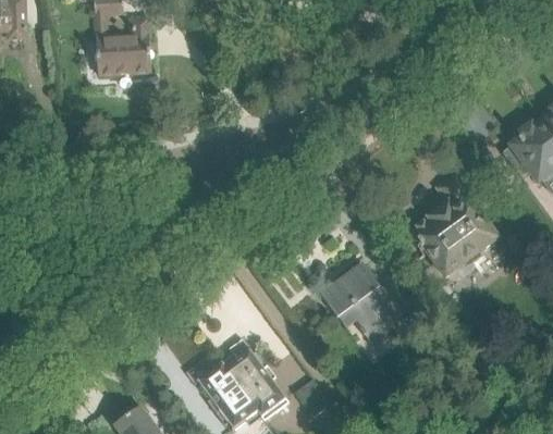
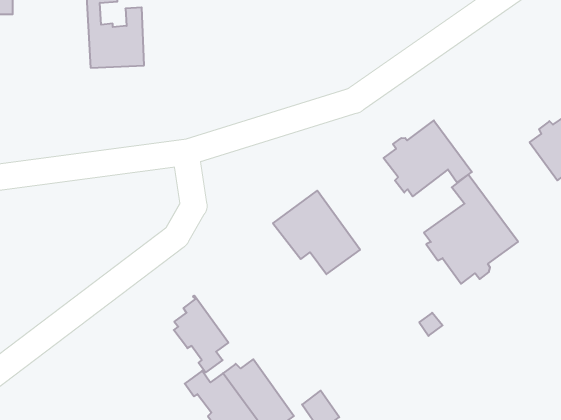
building: none -> [384,120,472,196]
building: [320,263,402,342] -> [273,191,360,274]
building: none -> [174,296,228,372]

